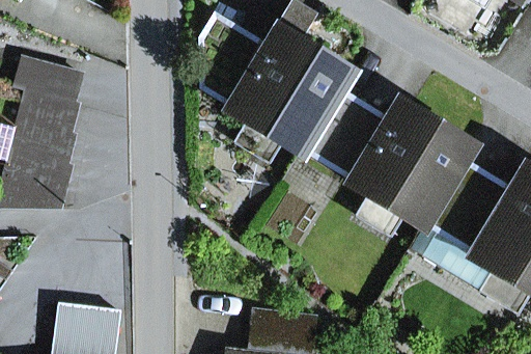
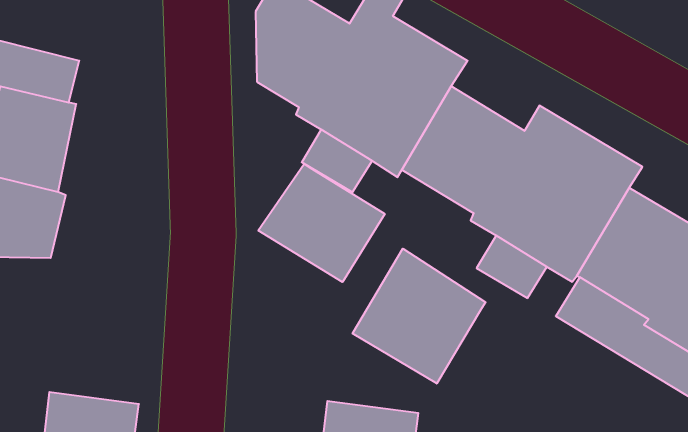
building: none -> [258,164,385,282]
building: none -> [353,249,486,384]

